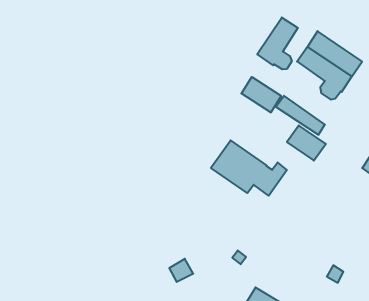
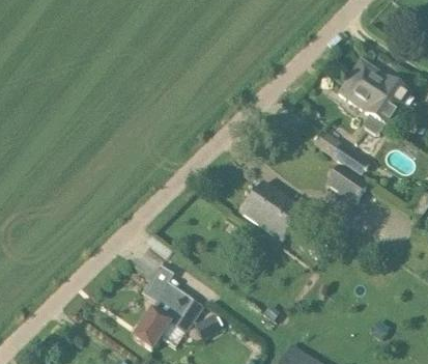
building: [257,17,298,69] -> none
building: [241,77,281,113] -> none
building: none -> [133,264,194,349]

